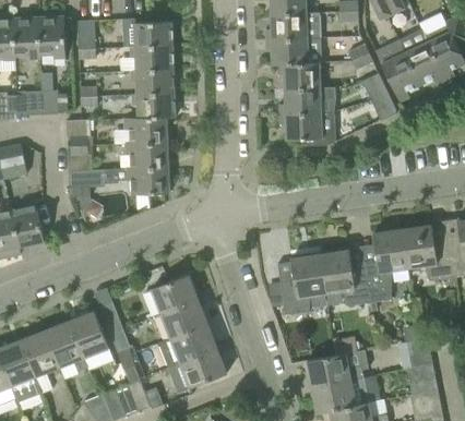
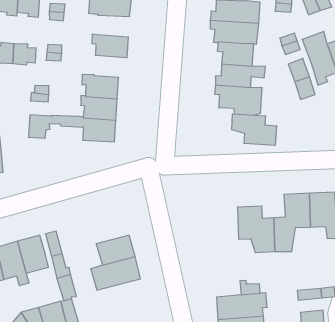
building: [130,46,172,71] -> none
building: [131,94,175,119] -> none
building: none -> [232,114,277,145]
building: [278,254,325,315] -> none
building: [151,275,198,314] -> none
building: [167,349,226,393] -> none

